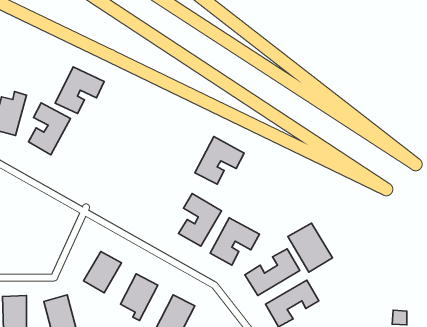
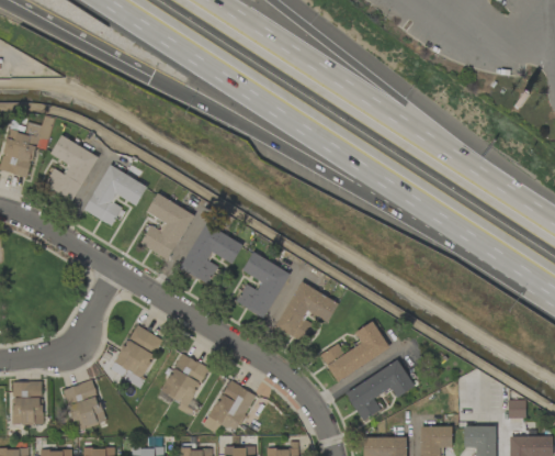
building: [55,67,104,114] -> [84,166,147,225]
building: [195,137,244,184] -> [180,223,242,283]
building: none -> [140,193,193,260]
building: [288,223,332,272] -> none

